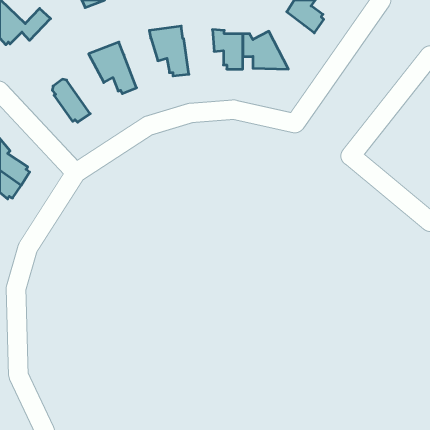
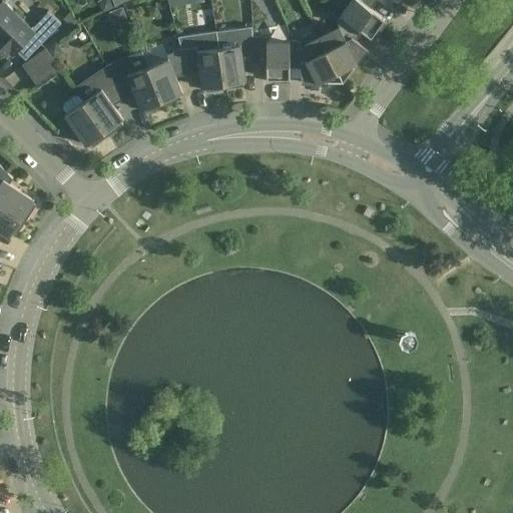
building: none -> [320,15,368,83]
building: none -> [215,26,254,89]
building: none -> [147,46,187,105]
building: none -> [21,48,60,87]
building: none -> [73,65,123,136]

